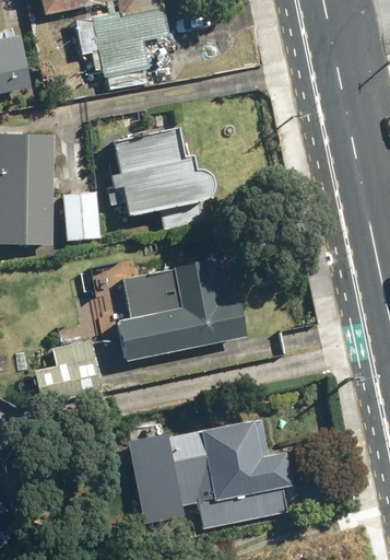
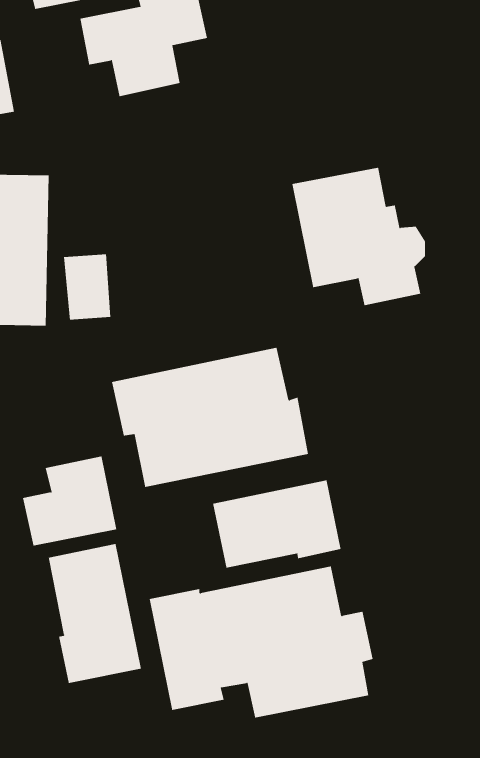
building: [110,129,208,230] -> [291,167,426,306]
building: none -> [212,479,341,569]
building: none -> [48,543,142,684]

